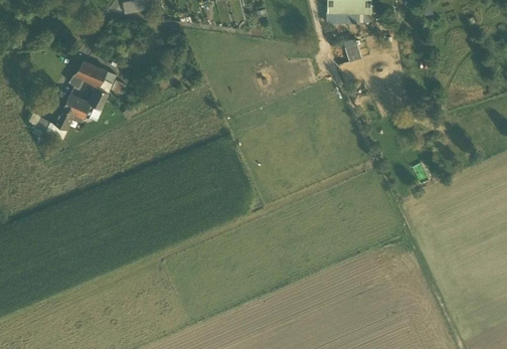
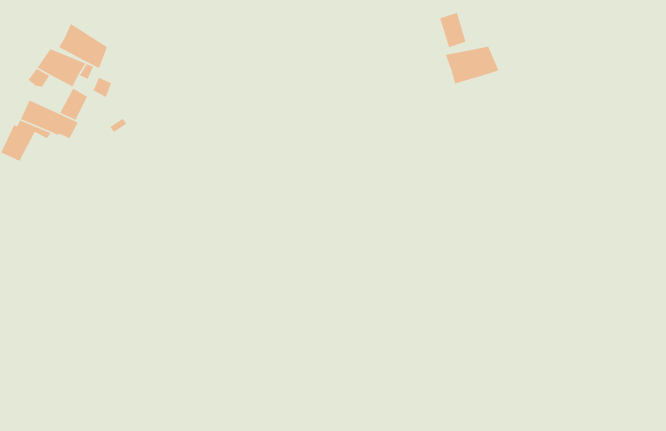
building: none -> [58,23,108,69]
building: none -> [445,46,500,85]

